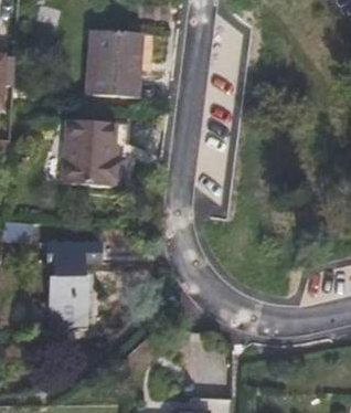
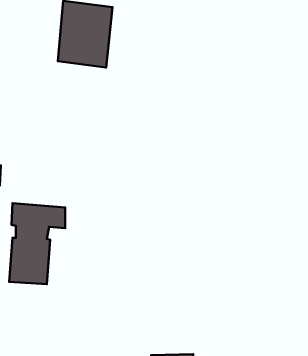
building: [60,127,126,192] -> none

